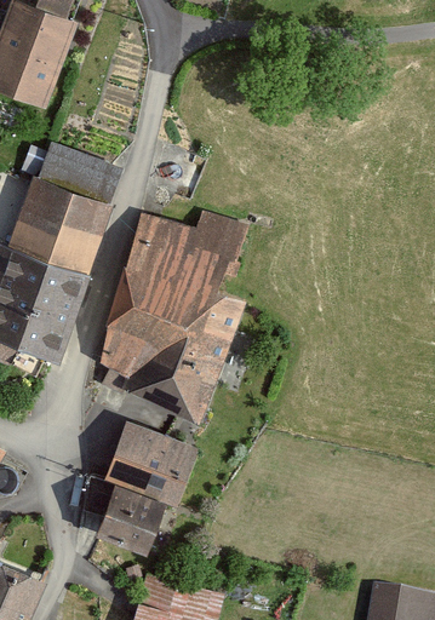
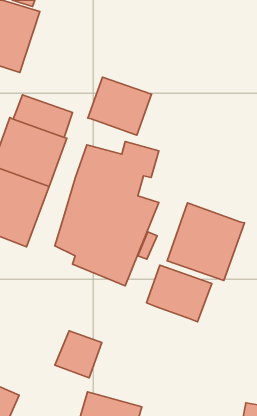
building: none -> [88,77,151,135]
building: none -> [167,203,244,281]
building: [103,426,198,509] -> [147,265,212,322]

